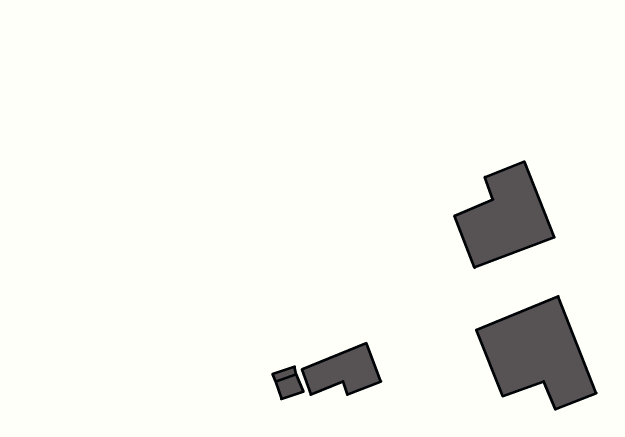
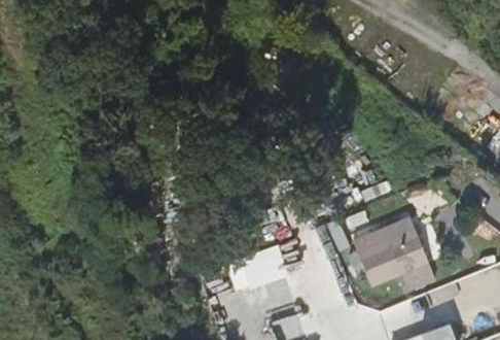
building: [455,162,554,268] -> none

